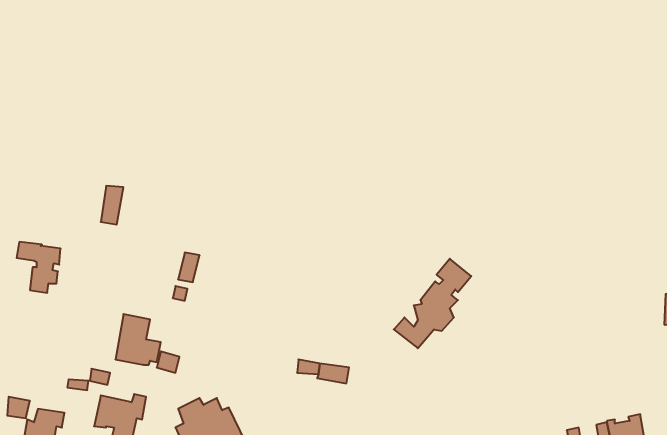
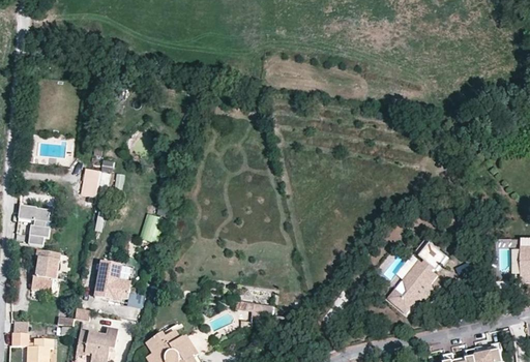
building: [394,259,471,348] -> [388,244,448,313]
building: none -> [30,249,61,292]

